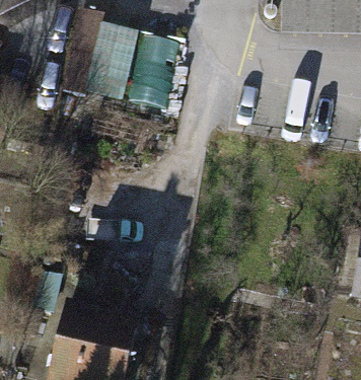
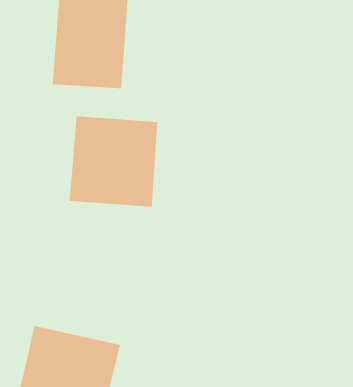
building: none -> [69,116,158,208]

